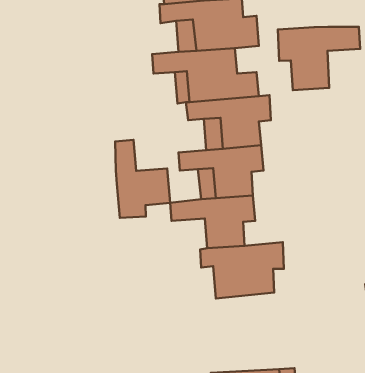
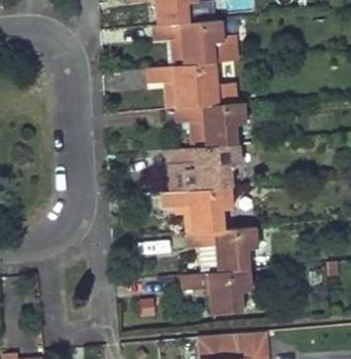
building: [278,27,360,90] -> none
building: [115,140,170,218] -> none
building: none -> [180,269,251,315]

